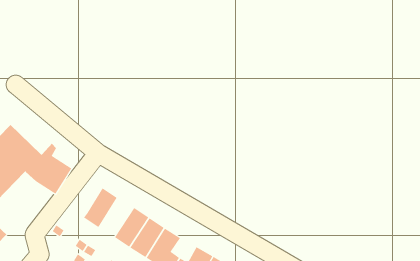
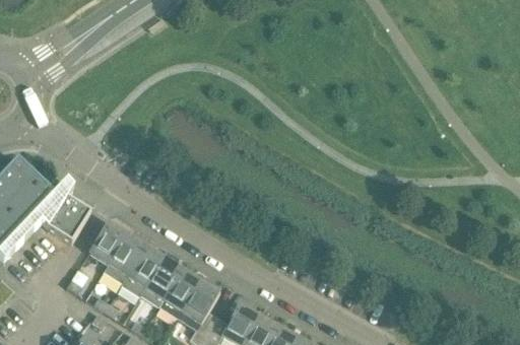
building: none -> [87,223,125,265]
building: none -> [120,248,162,296]

